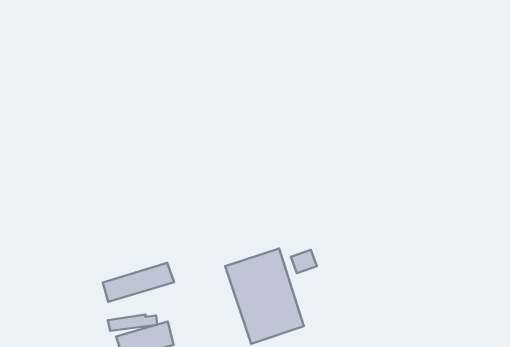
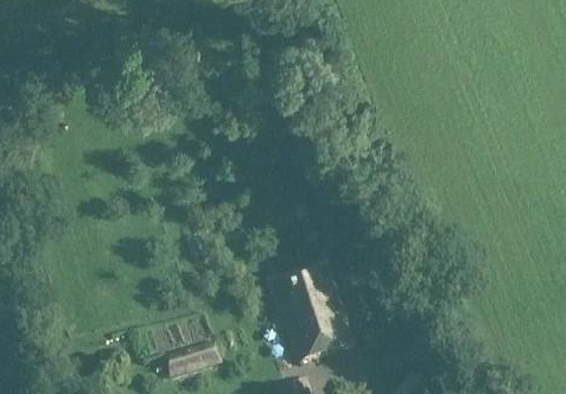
building: [103,263,174,302] -> none

